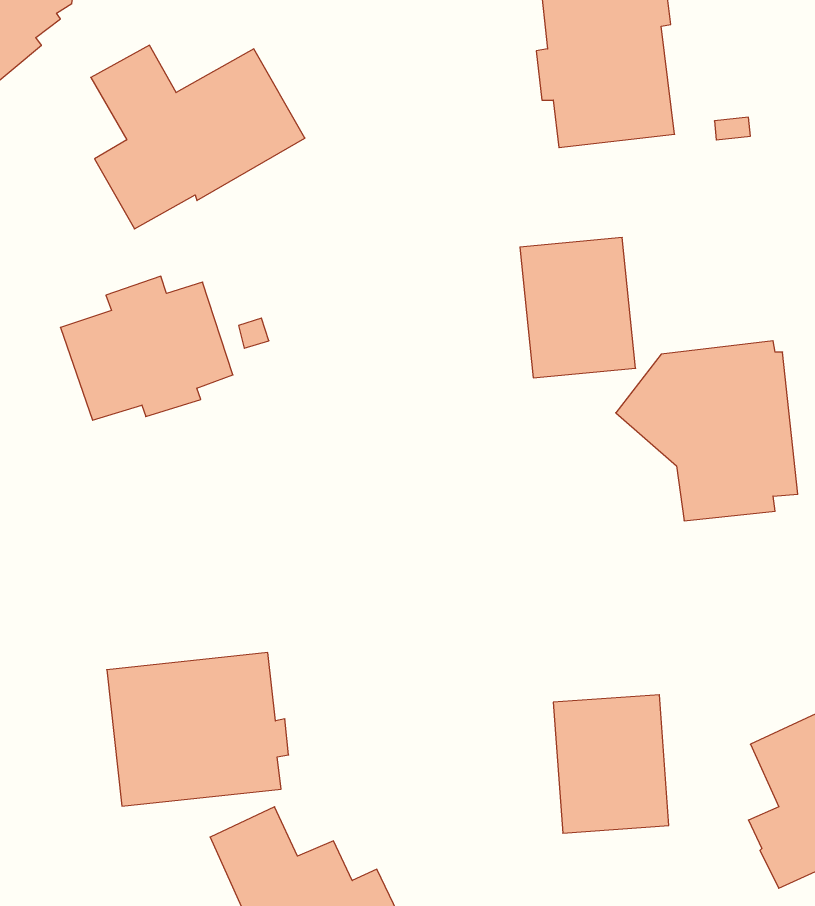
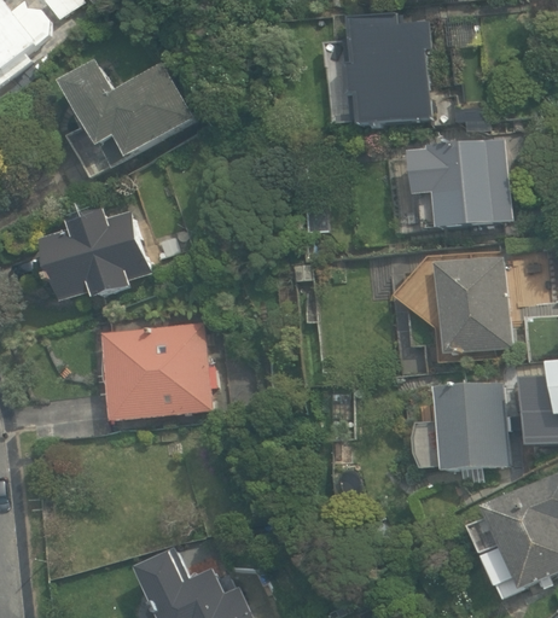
building: [520,238,636,378] -> [426,139,500,228]
building: [107,653,289,806] -> [100,322,216,420]
building: [553,695,669,833] -> [434,381,507,470]

